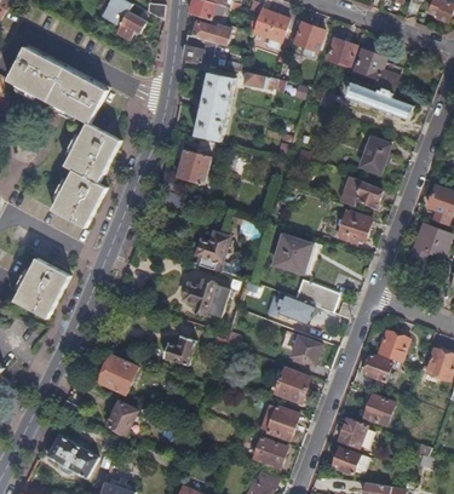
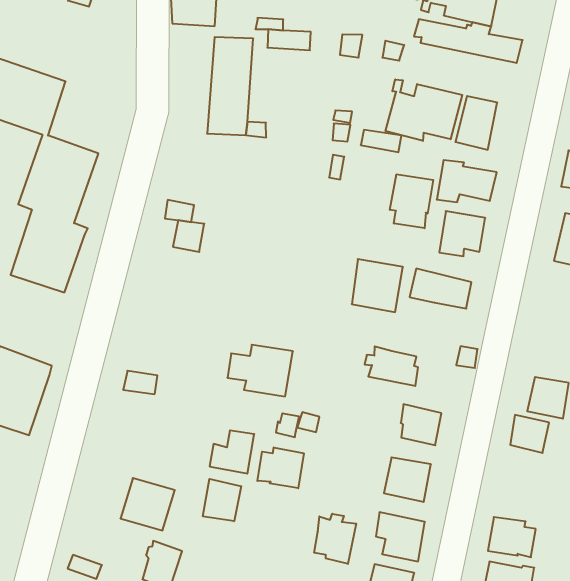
building: none -> [385,79,462,141]
building: [176,148,211,184] -> none
building: none -> [390,174,433,228]
building: [194,230,237,275] -> none
building: [295,280,338,311] -> [410,269,471,309]
building: none -> [257,447,304,488]
building: none -> [203,479,241,521]
building: [363,392,395,424] -> none
building: none -> [314,514,356,564]

